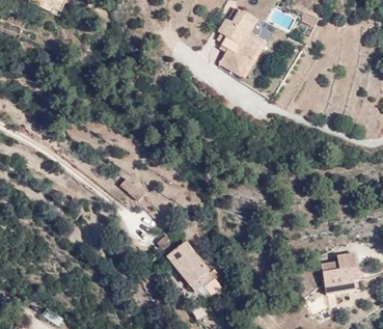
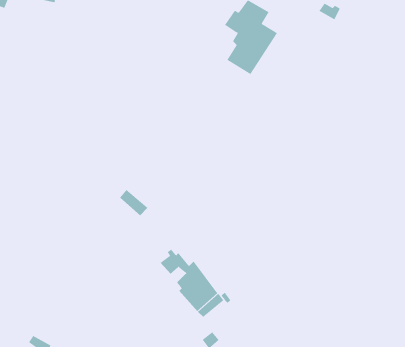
building: [325,253,363,294] -> none

